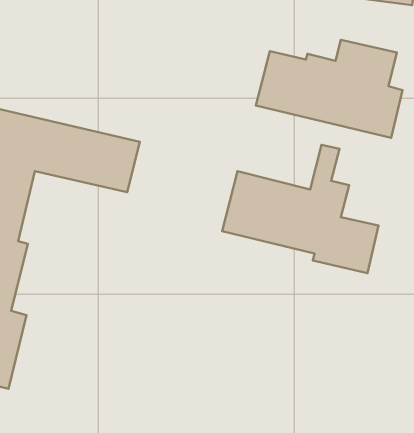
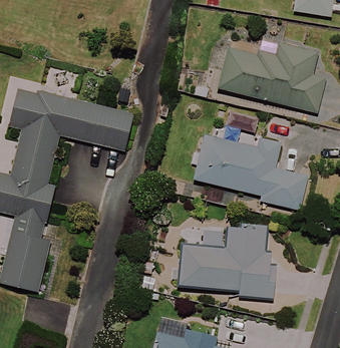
building: none -> [180,228,278,299]

